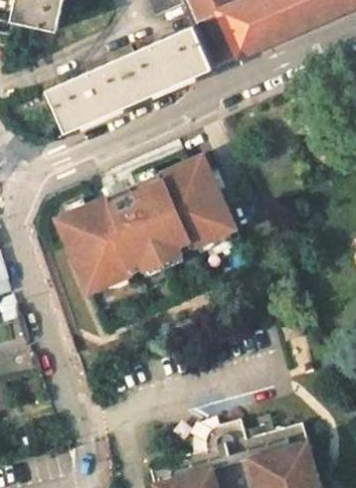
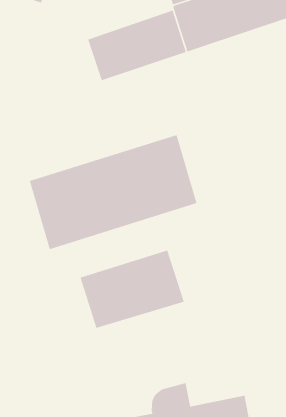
building: [47,64,125,134] -> none
building: none -> [80,249,185,329]

